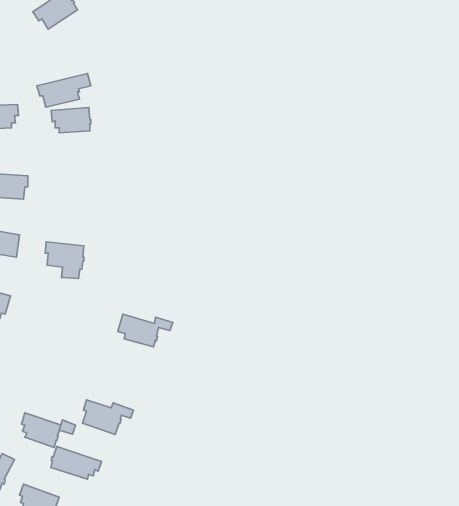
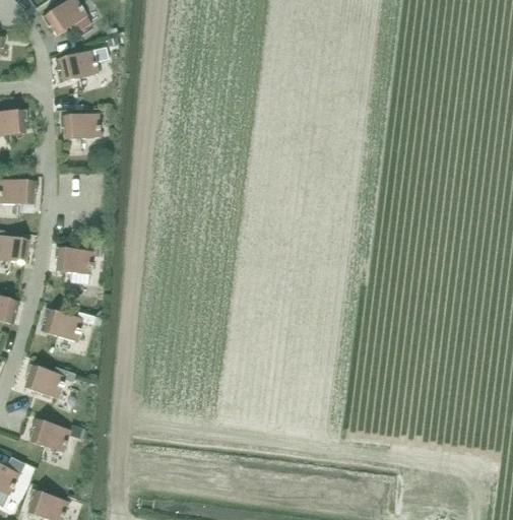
building: [37,74,91,107] -> [55,47,109,80]
building: [118,314,173,347] -> [41,308,95,340]
building: [83,400,133,434] -> [24,364,75,398]
building: [51,447,102,479] -> none

